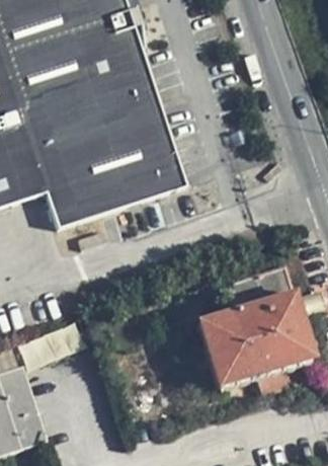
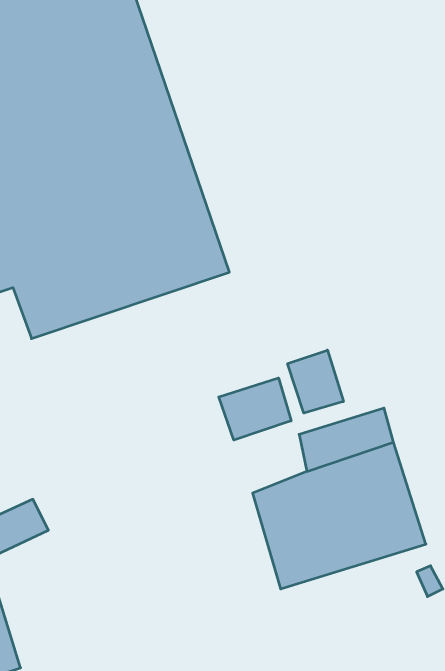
building: none -> [288,350,343,413]
building: none -> [219,378,291,440]

